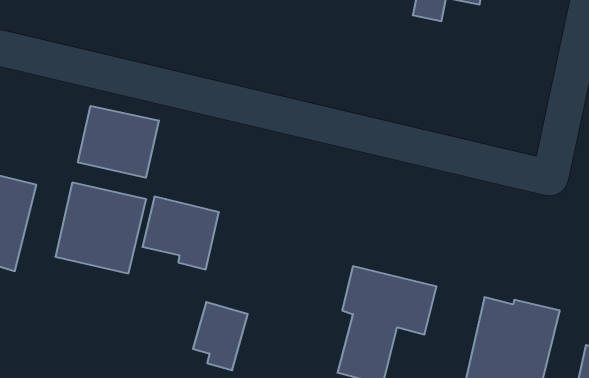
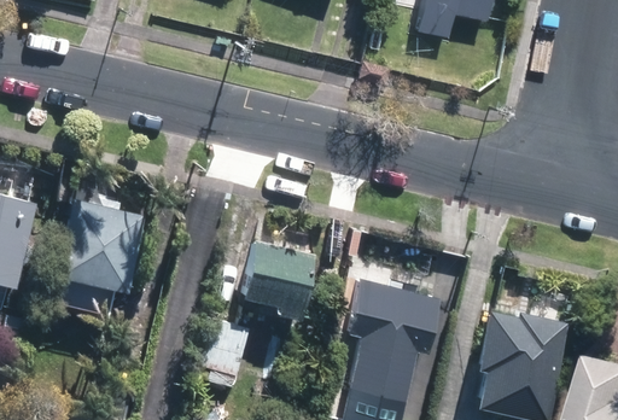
building: [78,106,159,178] -> none
building: [142,197,219,270] -> [243,243,320,316]

